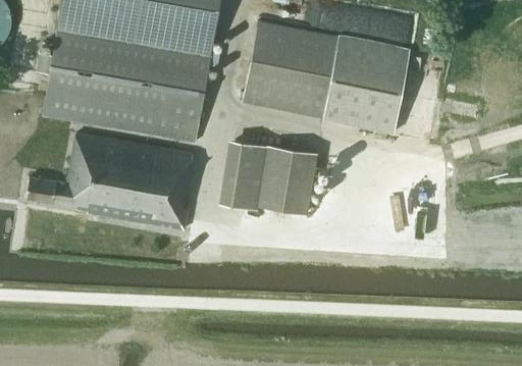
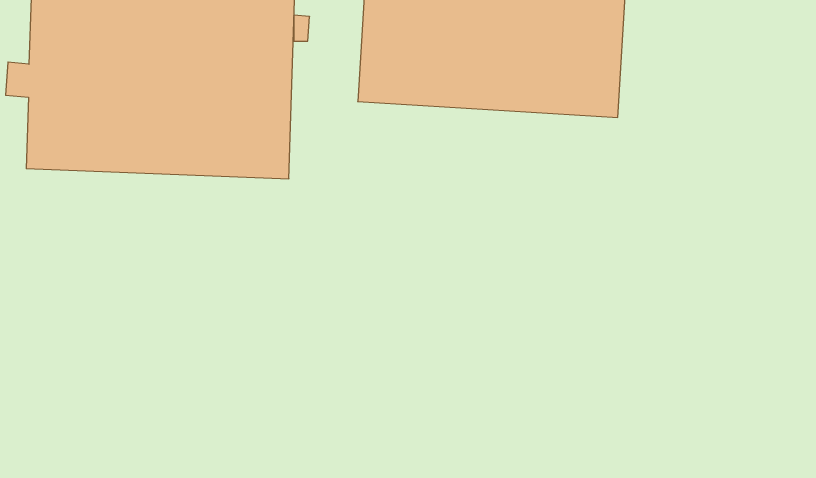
building: [25,135,193,231] -> none
building: [218,139,317,214] -> none

